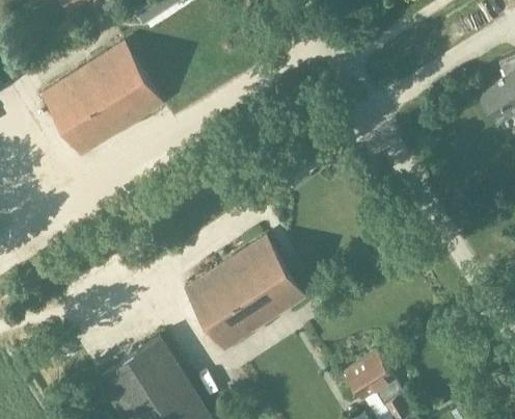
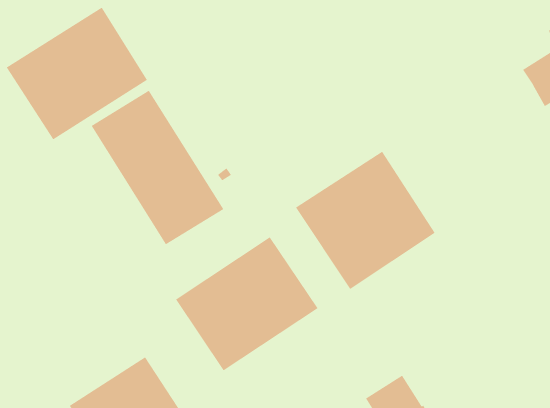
building: none -> [91,90,224,245]
building: none -> [295,151,436,290]

